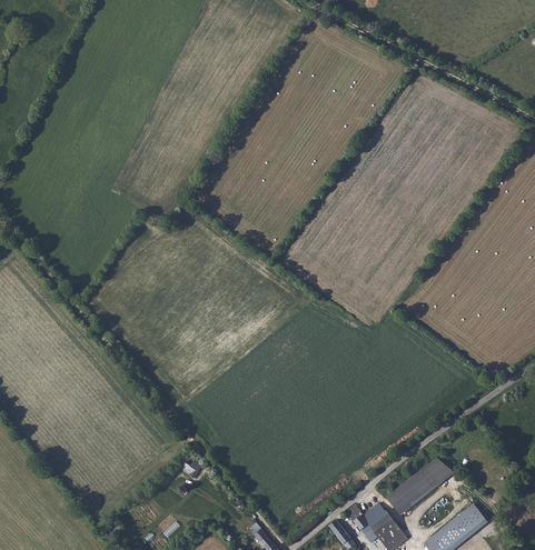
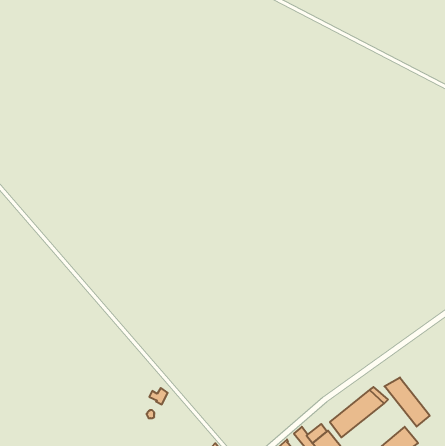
building: none -> [384,377,430,427]

